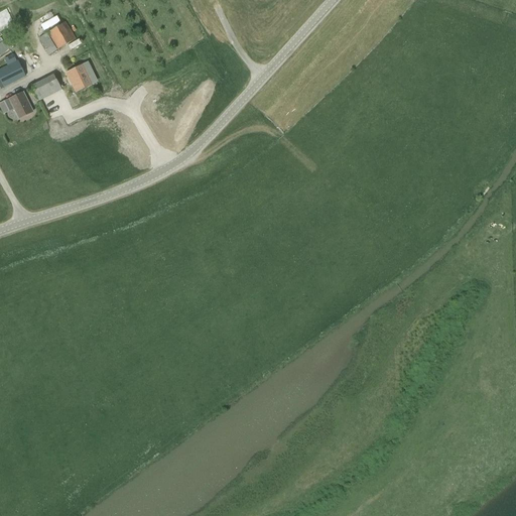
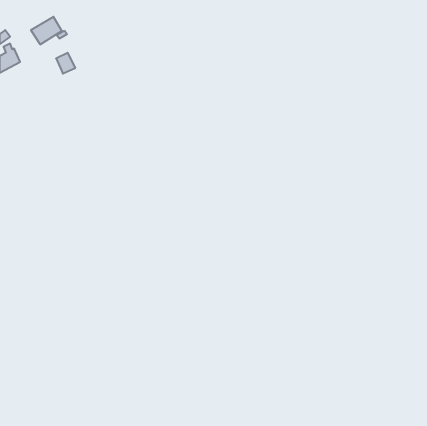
building: [31,73,61,100] -> none
building: [7,90,32,118] -> none

